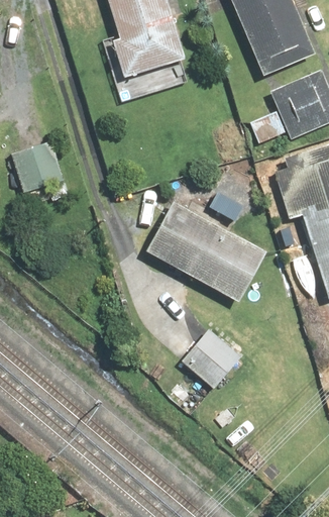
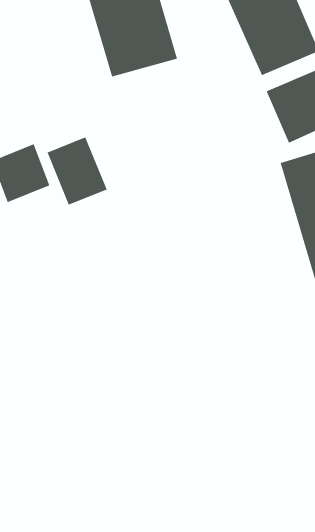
building: none -> [47,136,107,205]
building: [143,199,269,306] -> none
building: [184,323,244,385] -> none

